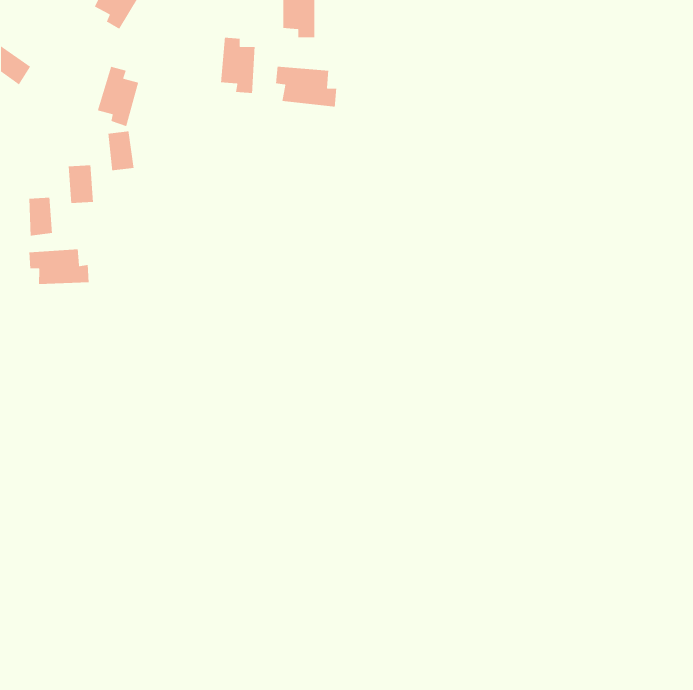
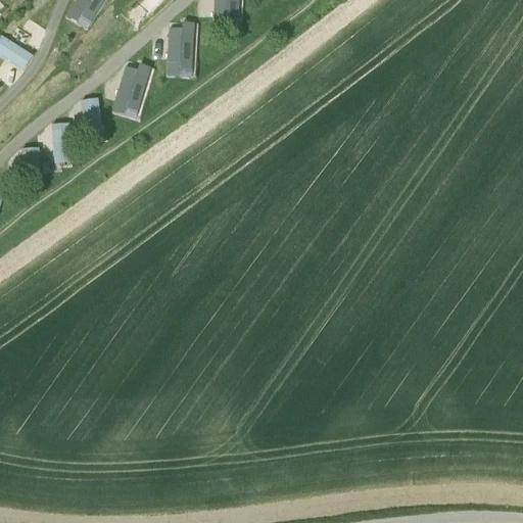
building: [275,66,337,107] -> none
building: [97,66,139,127] -> [116,66,148,112]
building: [29,248,90,285] -> none

